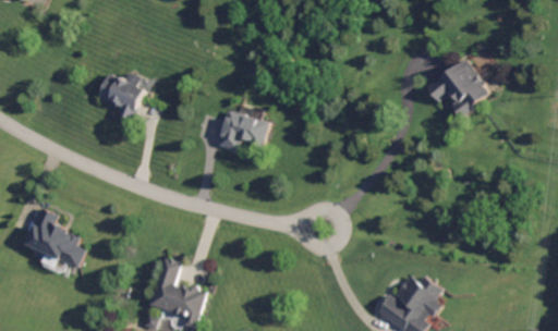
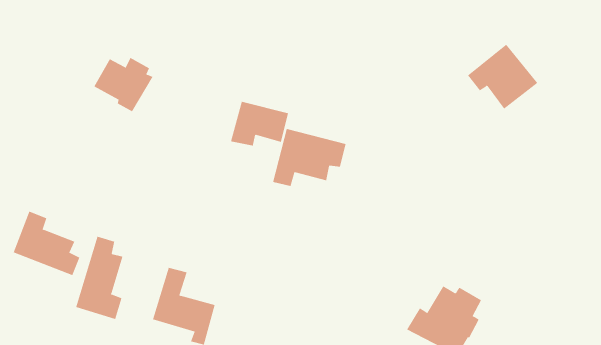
building: none -> [272,128,346,187]
building: none -> [75,236,123,320]

